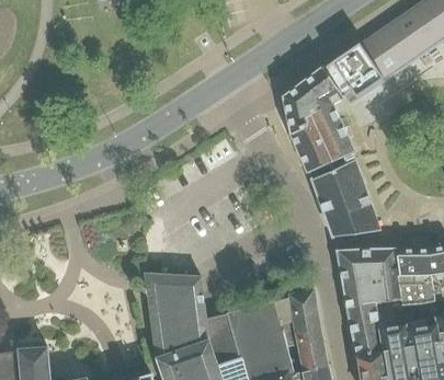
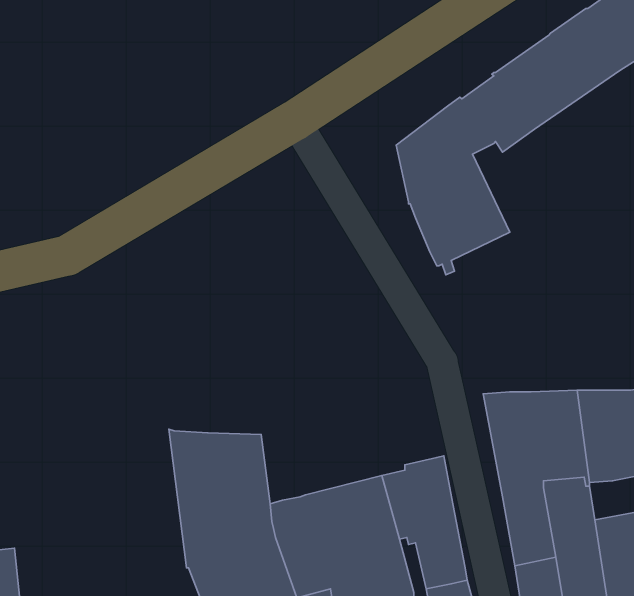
building: [311,160,379,237] -> none

